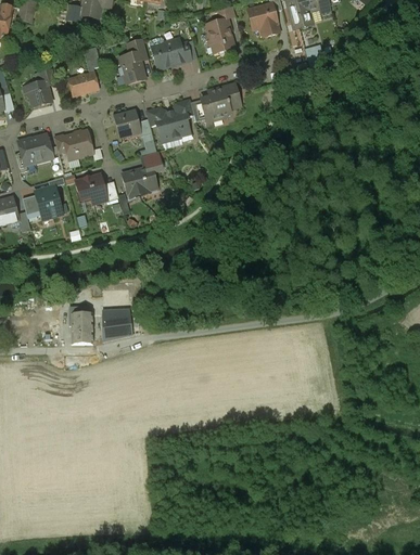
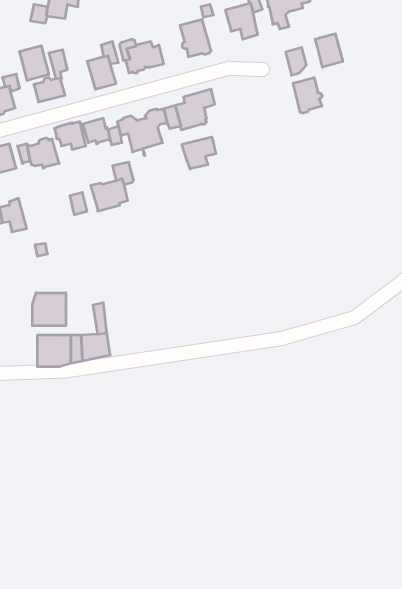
building: none -> [315,34,343,67]
building: none -> [20,46,49,81]
building: none -> [293,78,322,113]
building: none -> [182,137,216,169]
building: [76,175,105,201] -> [54,122,86,149]
building: none -> [32,293,66,326]

